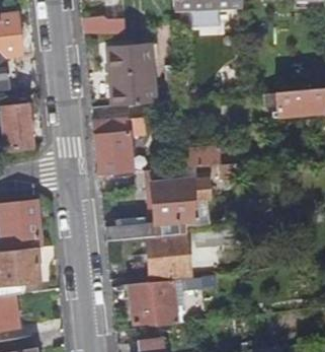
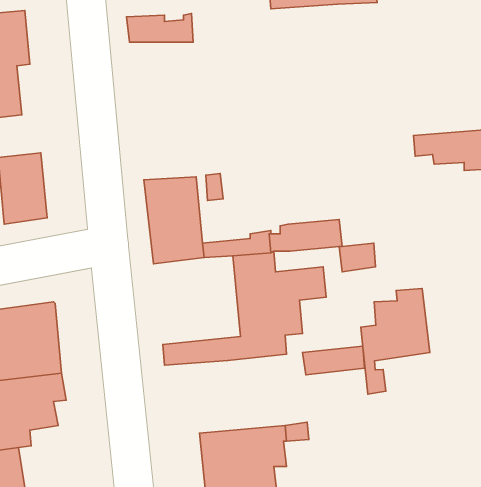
building: [108,47,155,108] -> none
building: none -> [361,289,430,394]
building: [147,233,189,277] -> none

